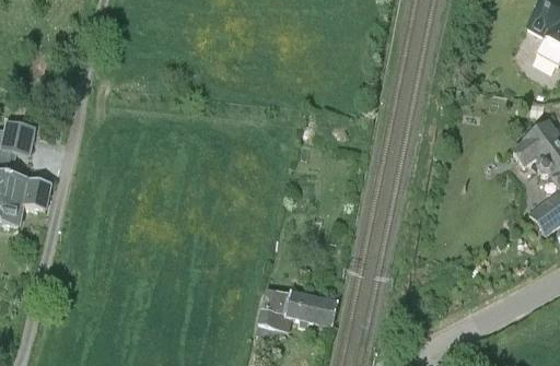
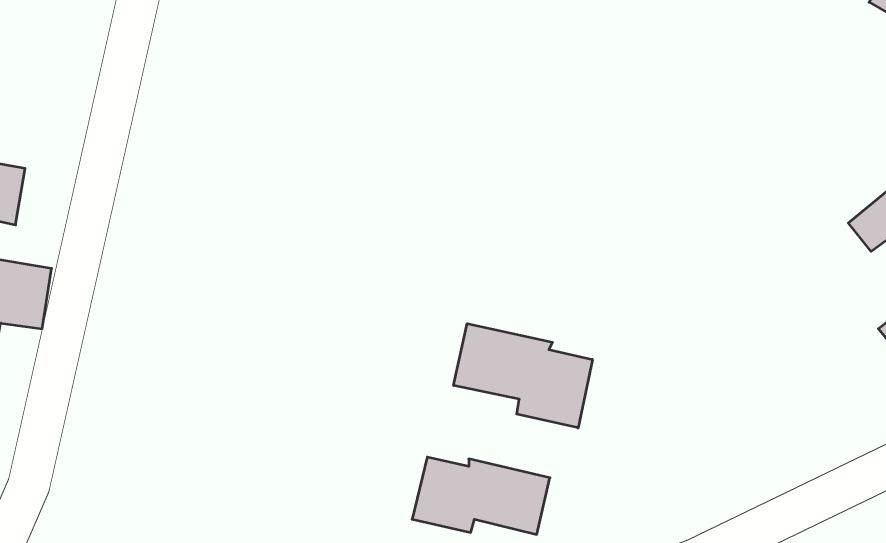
building: none -> [454,324,592,428]

